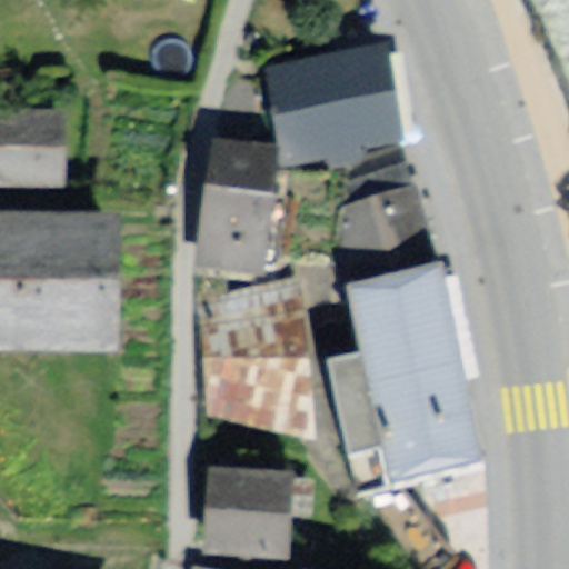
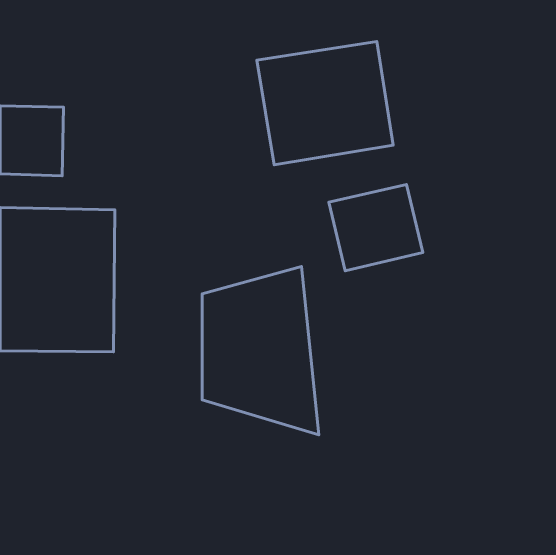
building: [201,141,274,273] -> none
building: [343,273,482,493] -> none
building: [200,476,289,557] -> none

